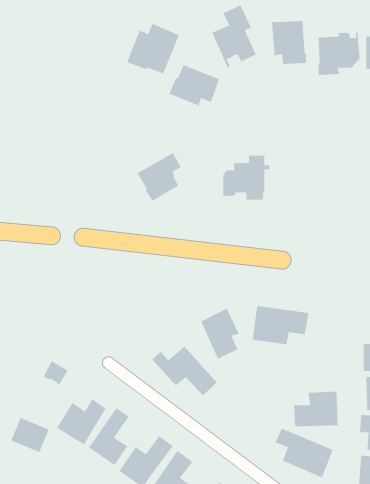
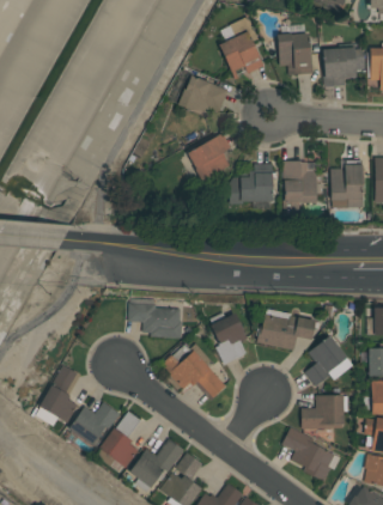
building: [127,23,179,74] -> none
building: none -> [281,160,324,215]
building: none -> [332,160,364,208]
building: [136,152,182,201] -> [188,133,232,181]
building: none -> [128,302,182,337]
building: none -> [305,335,353,387]
building: [10,417,49,453] -> [39,388,78,422]

